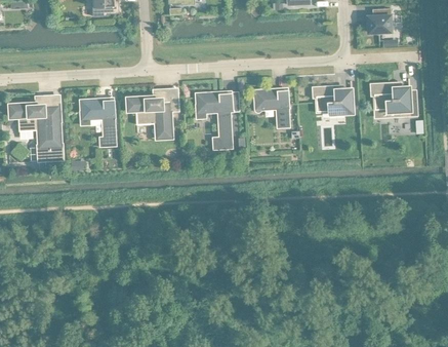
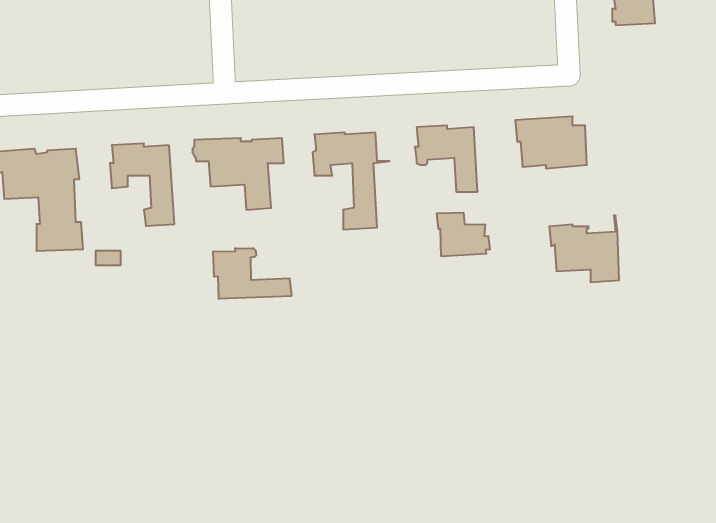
building: [370,78,410,116] -> [549,216,619,282]
building: none -> [437,213,490,256]
building: none -> [213,248,291,299]

